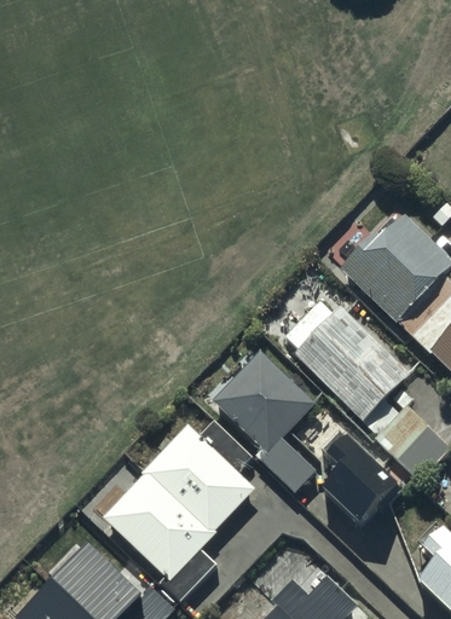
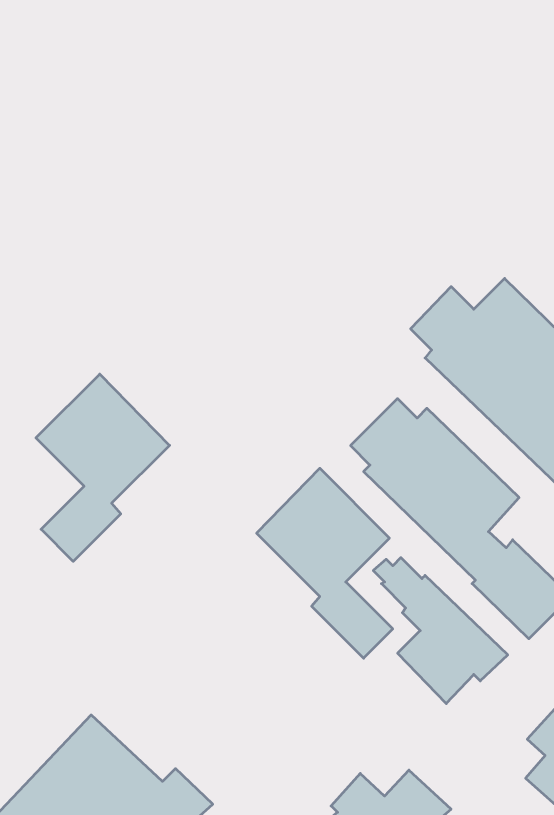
building: none -> [36,374,170,561]
building: [103,421,256,600] -> none

